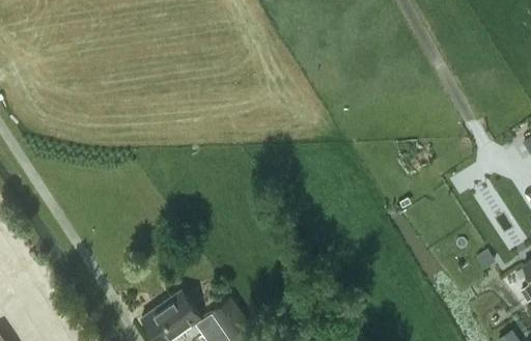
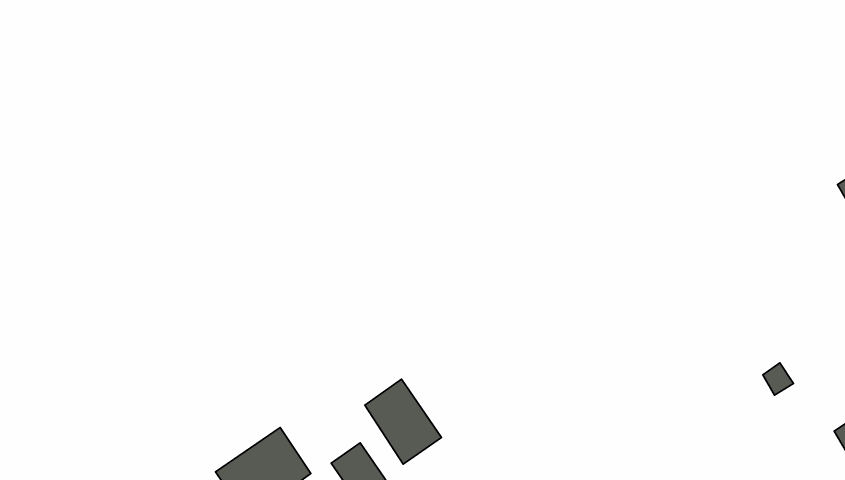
building: none -> [365,379,441,464]

